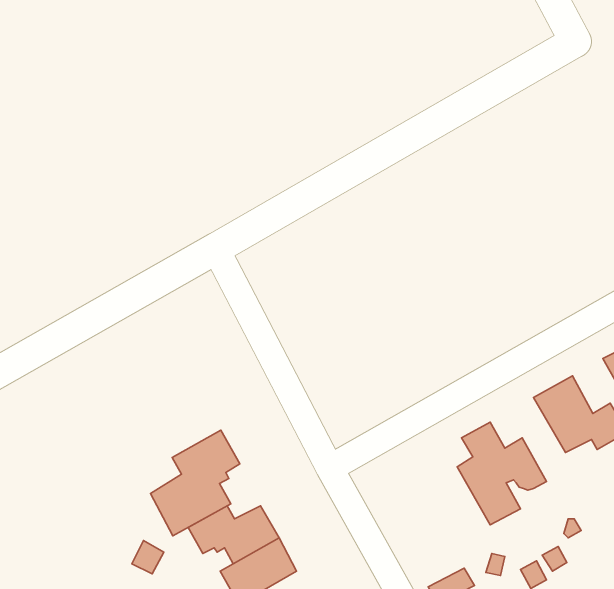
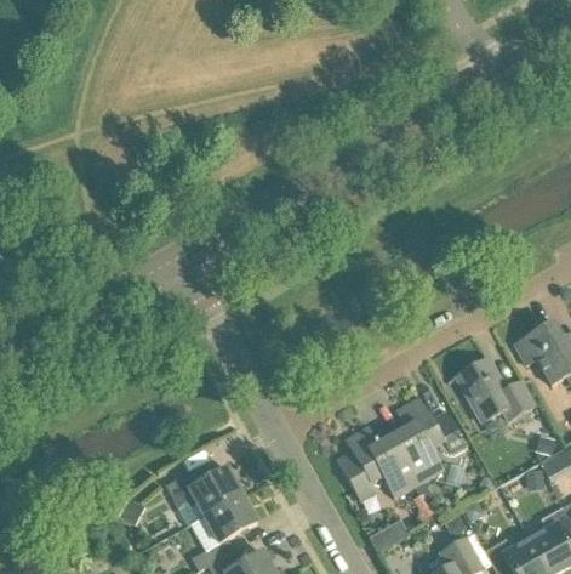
building: [150,430,240,536] -> none
building: none -> [337,426,419,501]

